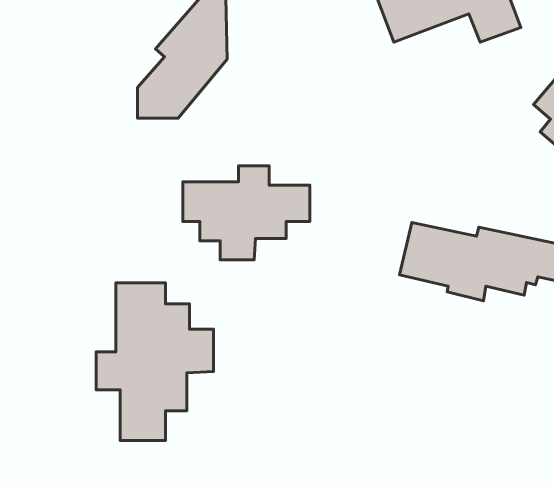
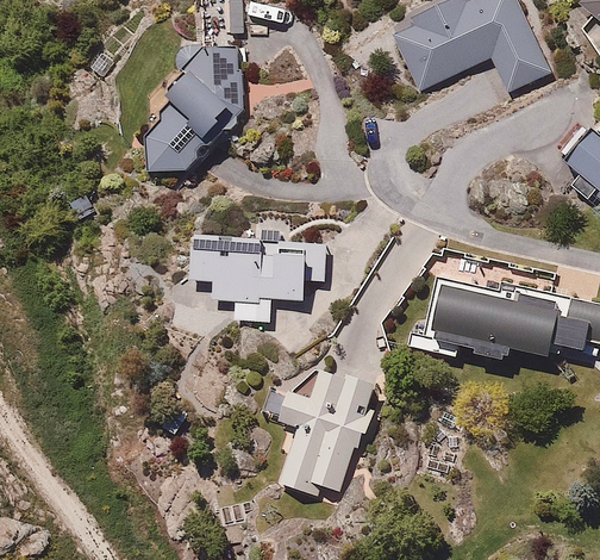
building: [96,283,214,441] -> none
building: none -> [275,363,374,494]

